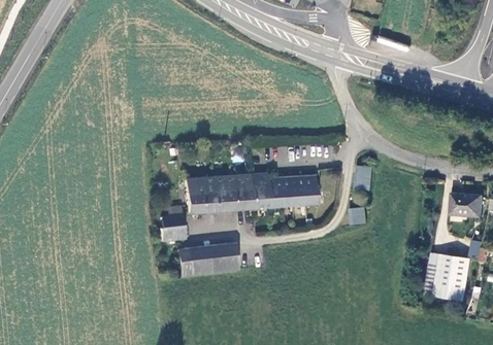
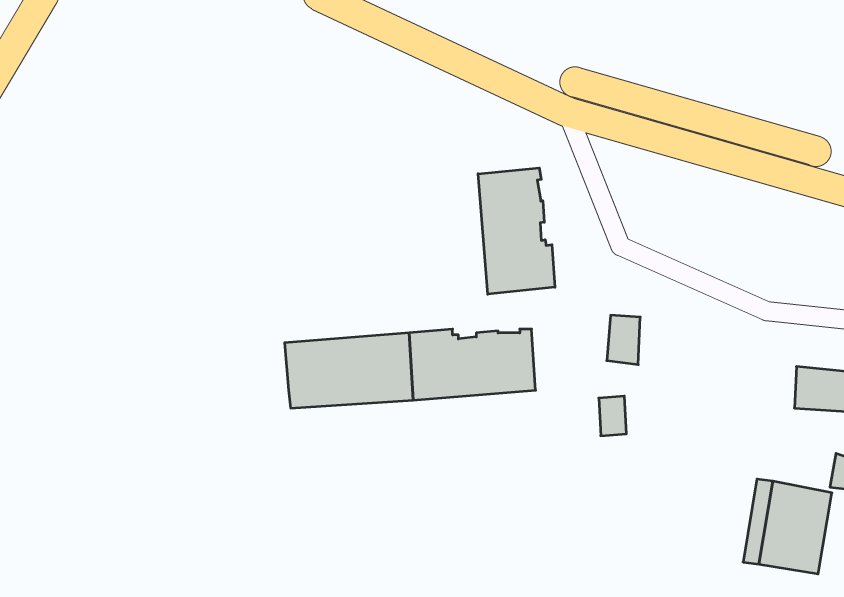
building: none -> [478,168,555,294]
building: [160,205,185,239] -> none
building: [177,245,238,275] -> none

